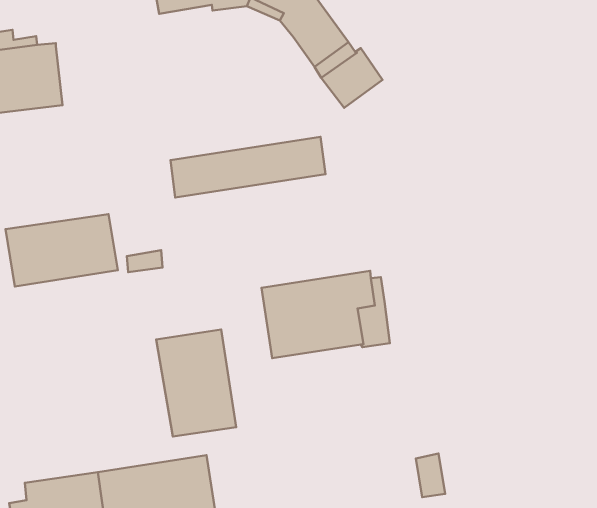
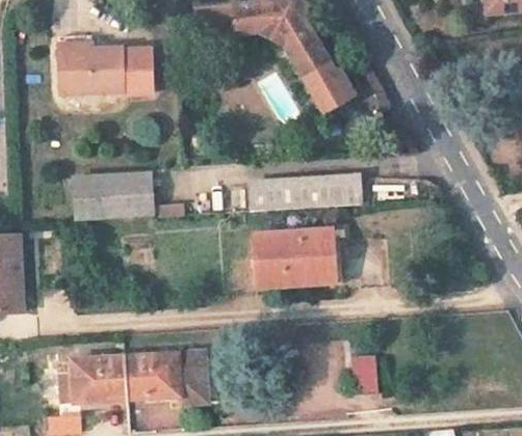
building: none -> [122,49,152,96]
building: [170,137,325,197] -> [251,178,361,212]
building: [156,330,236,436] -> none

